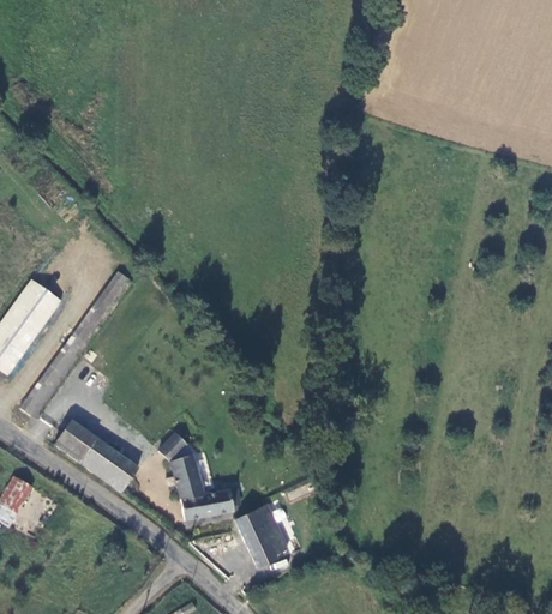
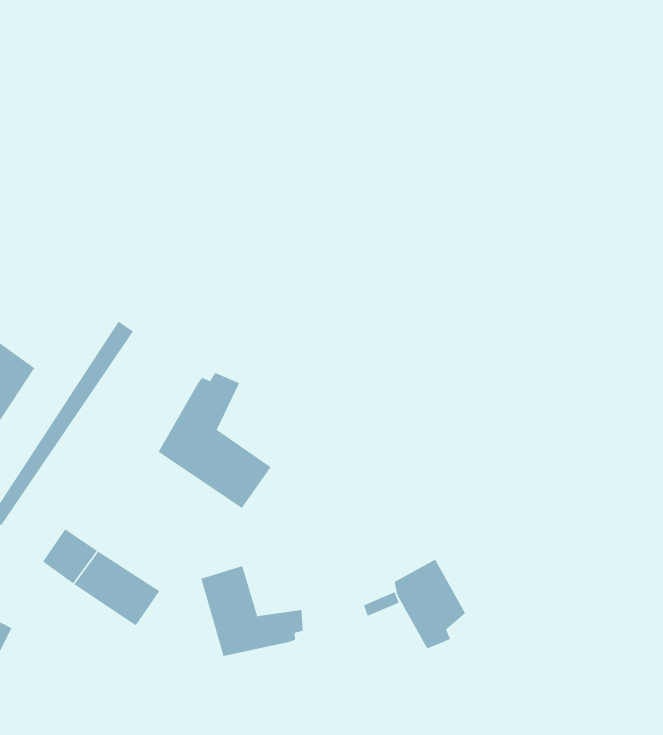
building: none -> [158,372,271,509]
building: [156,431,202,462] -> none
building: [236,501,287,566] -> [394,559,466,649]

